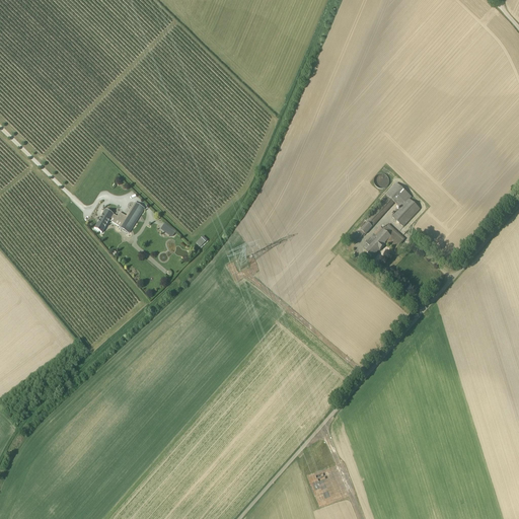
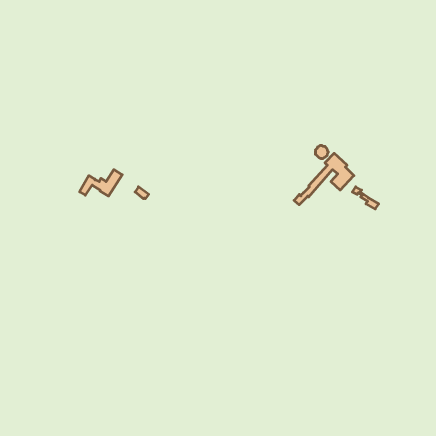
building: [366,223,405,255] -> none

